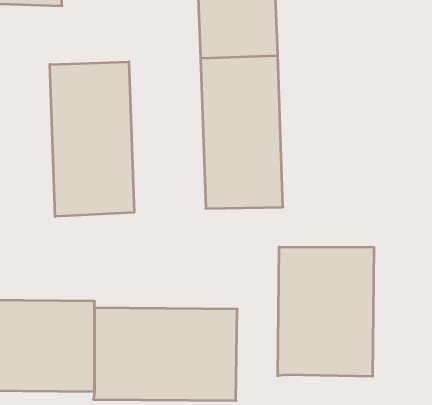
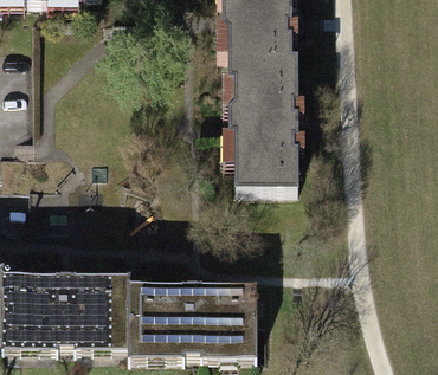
building: [50,62,134,217] -> none
building: [278,247,374,376] -> none

